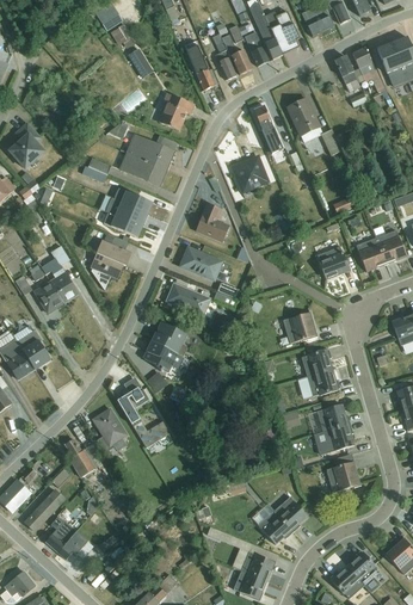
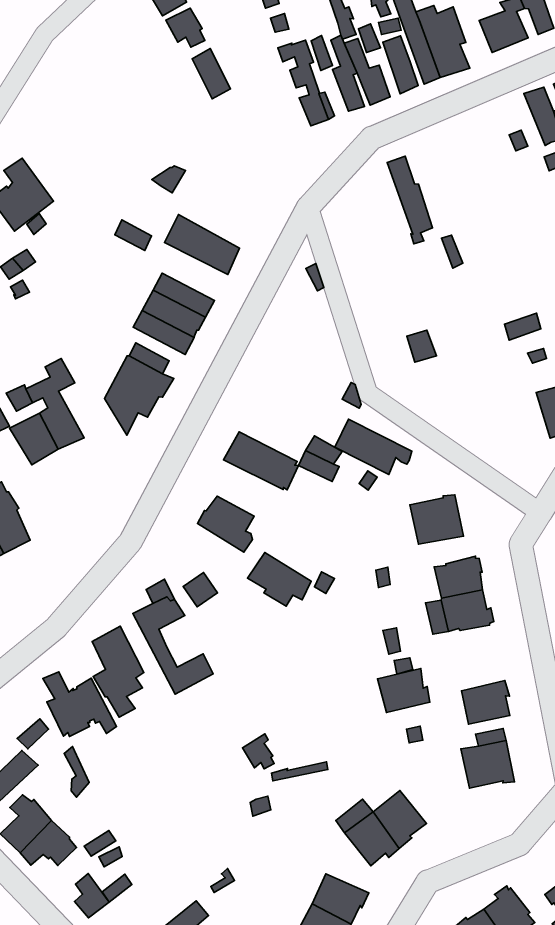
building: [158,92,193,130] -> none
building: [286,97,341,154] -> none
building: [127,134,178,168] -> none
building: [234,155,269,192] -> none
building: [196,202,229,241] -> none
building: [318,245,350,279] -> none
building: [181,247,229,279] -> [335,419,412,474]
building: [143,340,183,372] -> [248,552,311,606]
building: [316,402,350,431] -> [377,669,430,712]

